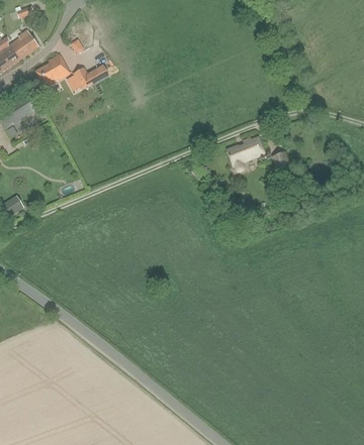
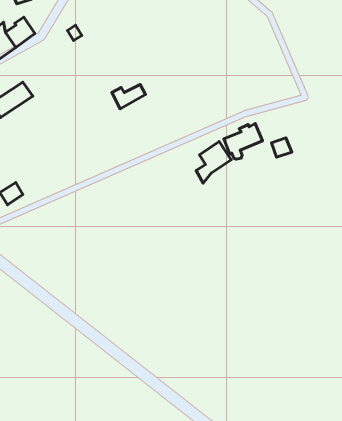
building: [34,52,70,87] -> none
building: [75,64,108,88] -> [112,84,145,109]
building: none -> [196,142,231,183]

